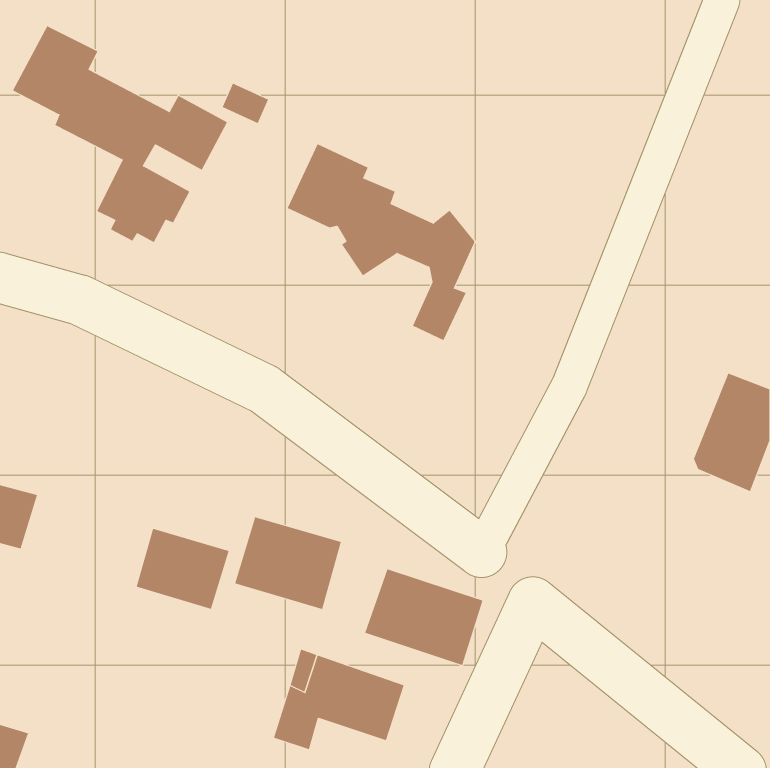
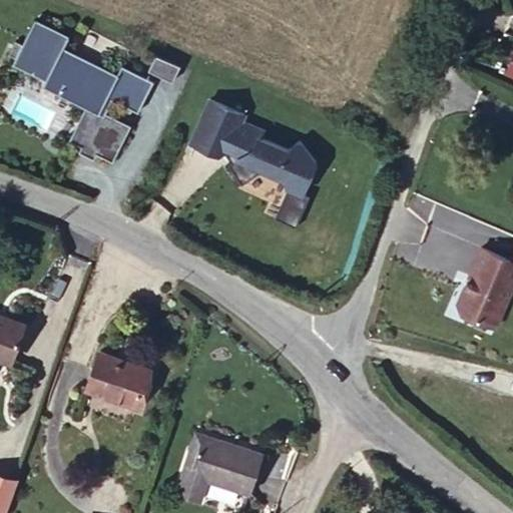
building: [234,516,342,610] -> none
building: [365,569,483,666] -> none

